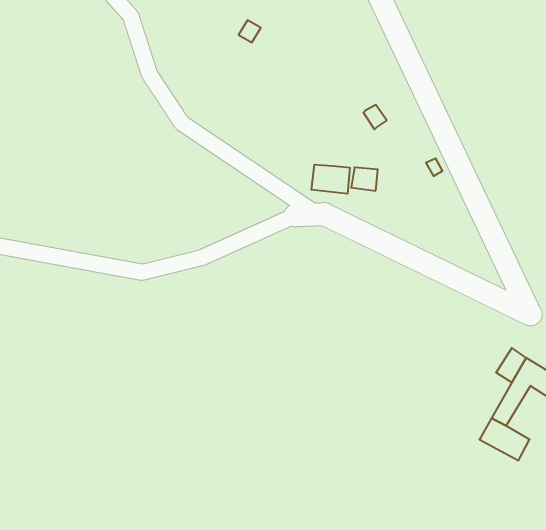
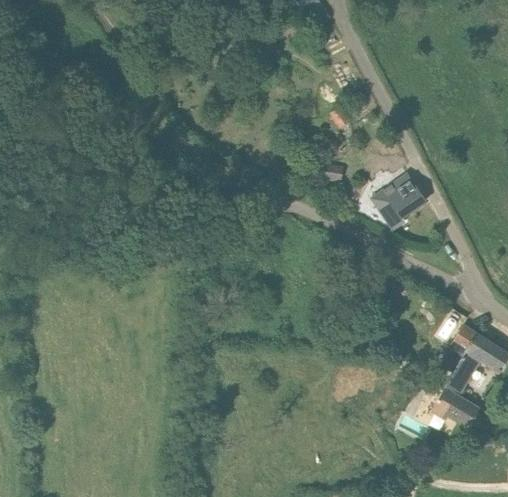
building: [312,165,350,194] -> none
building: none -> [371,174,424,228]

